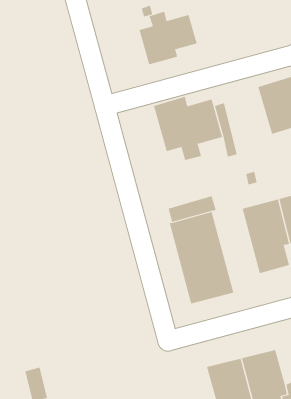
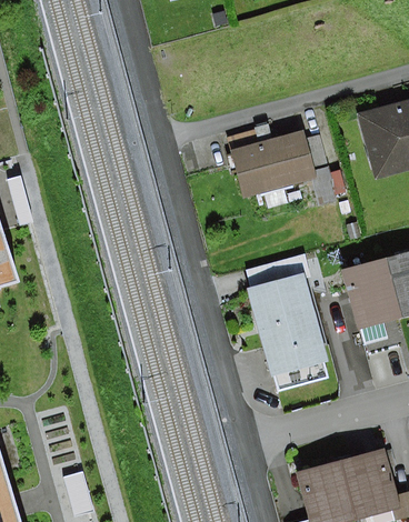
building: [139,11,198,65] -> none

